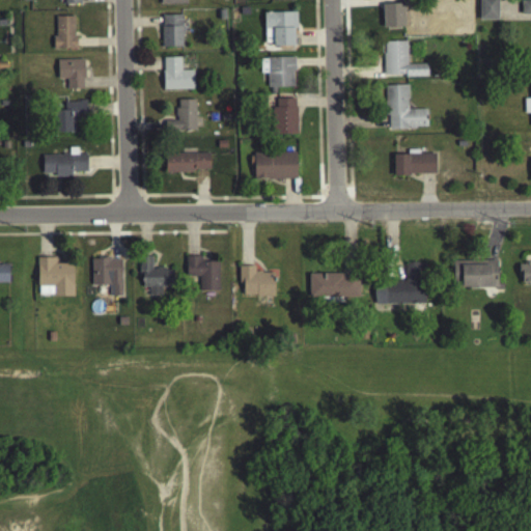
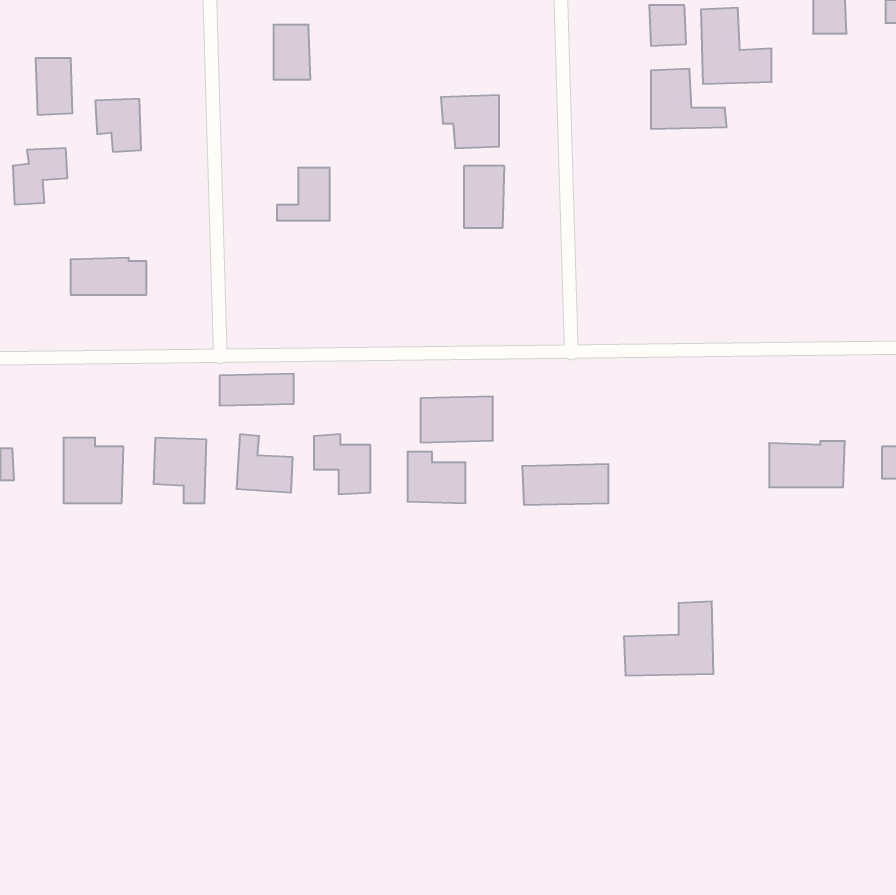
building: [267,11,298,45] -> none
building: [56,16,78,49] -> [36,58,73,115]
building: [166,56,196,89] -> none
building: [388,84,429,129] -> [701,8,772,84]
building: [57,100,89,133] -> [13,148,67,205]
building: [256,151,299,178] -> [421,397,493,442]
building: [168,152,212,171] -> [220,374,294,406]
building: [396,152,438,174] -> none
building: [375,260,428,304] -> [624,601,714,675]

